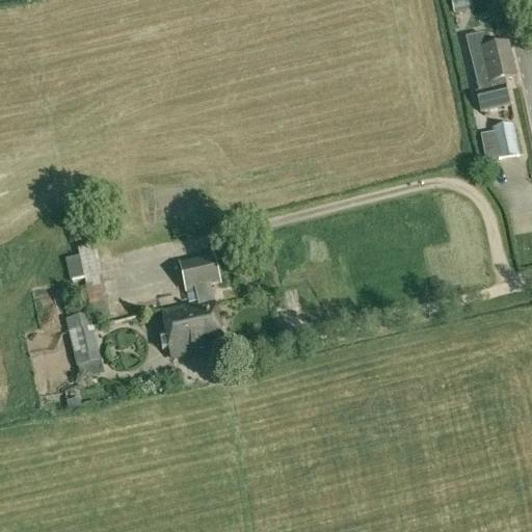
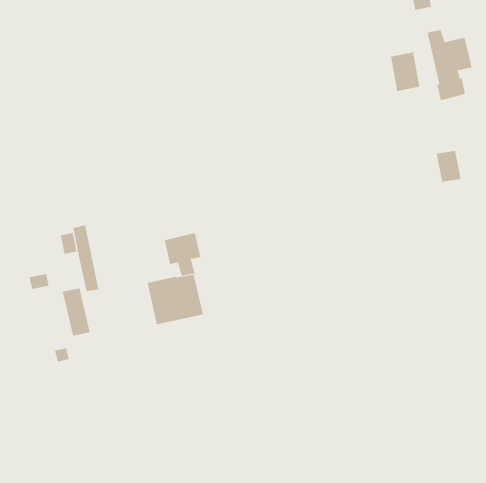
building: none -> [390,52,420,92]
building: [490,123,518,157] -> [436,151,461,182]

